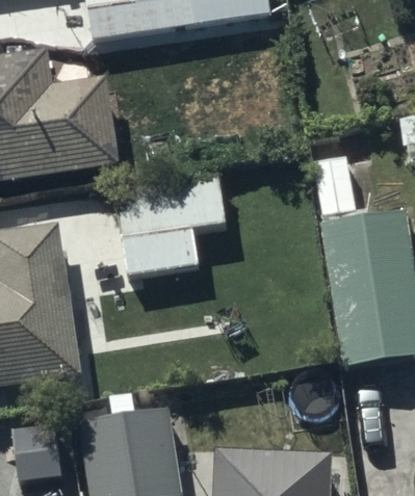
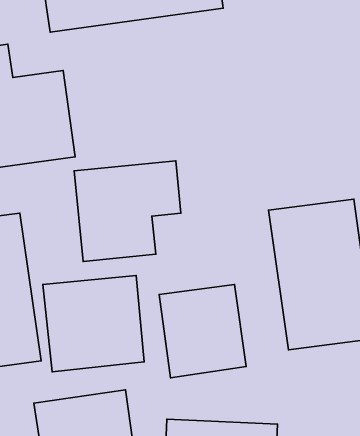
building: none -> [43,275,144,372]
building: none -> [159,285,246,378]

